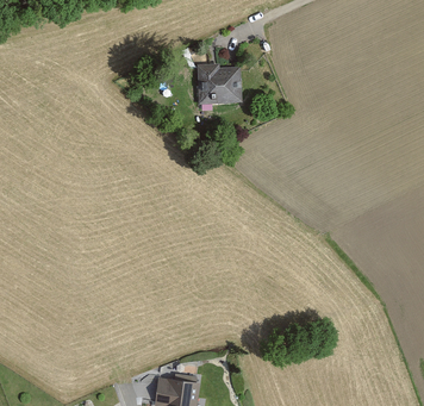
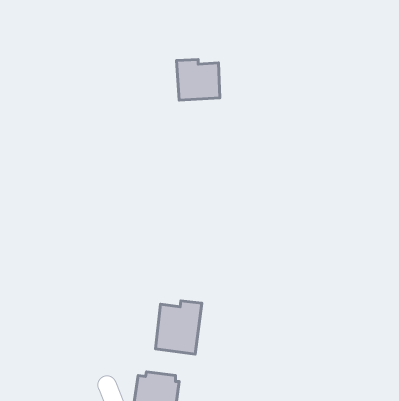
building: none -> [156,301,202,354]

